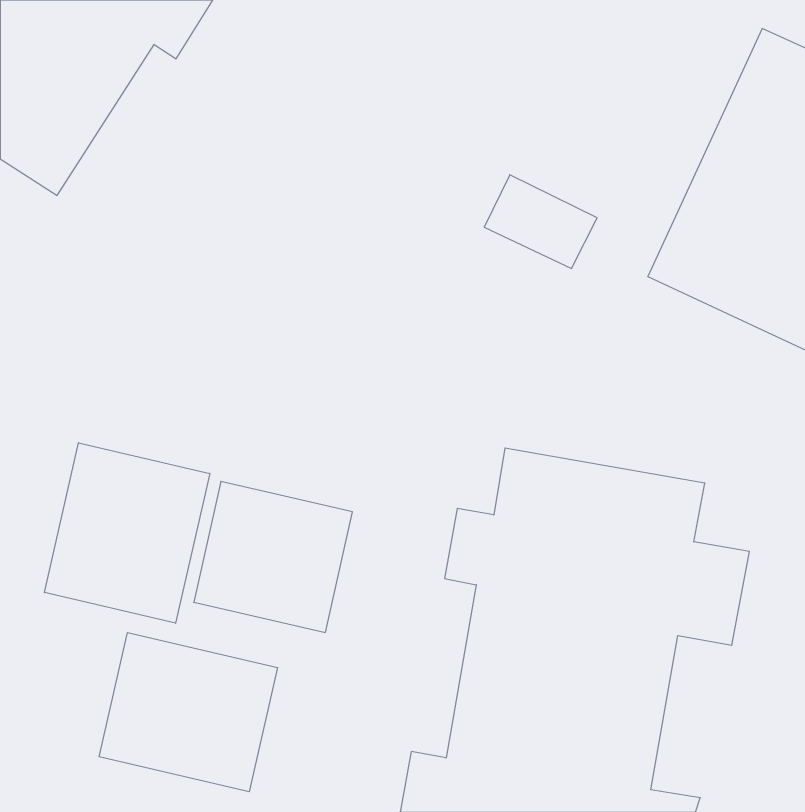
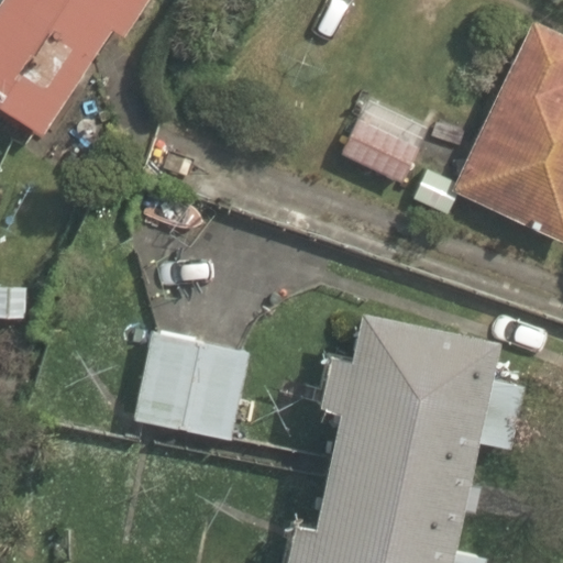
building: [44,443,210,623] -> none
building: [99,633,278,792] -> none

